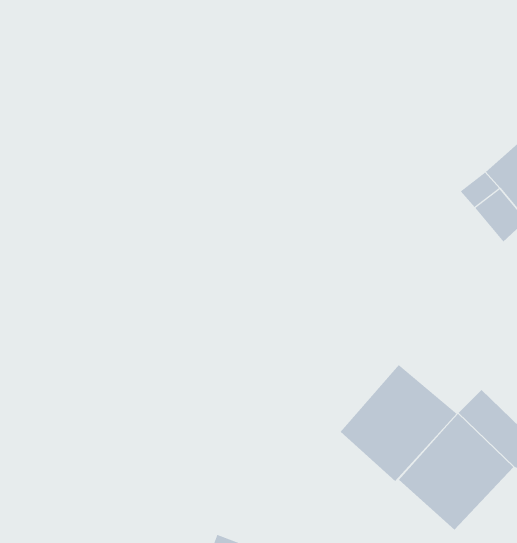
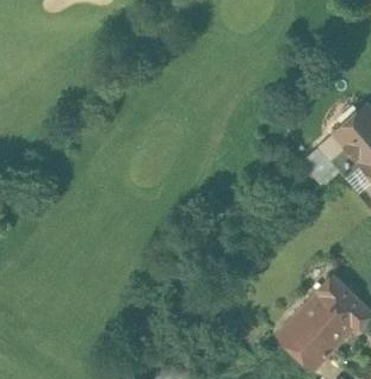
building: [340,364,457,482] -> none

